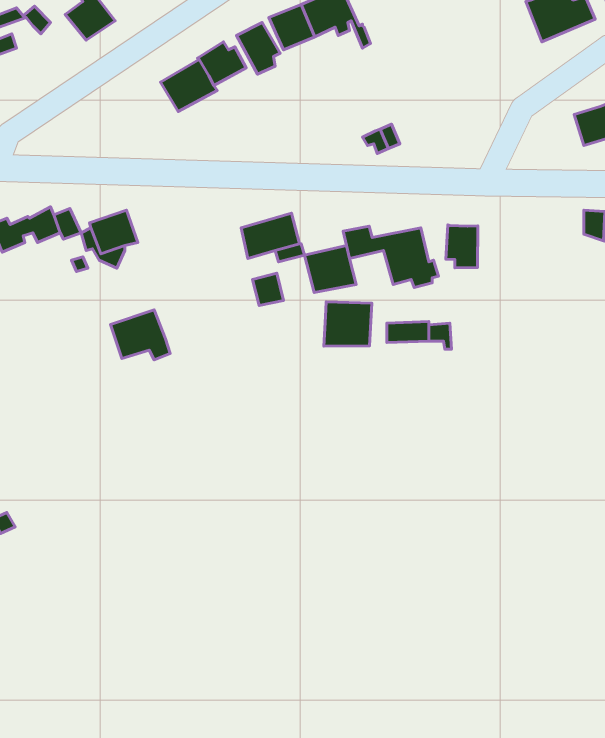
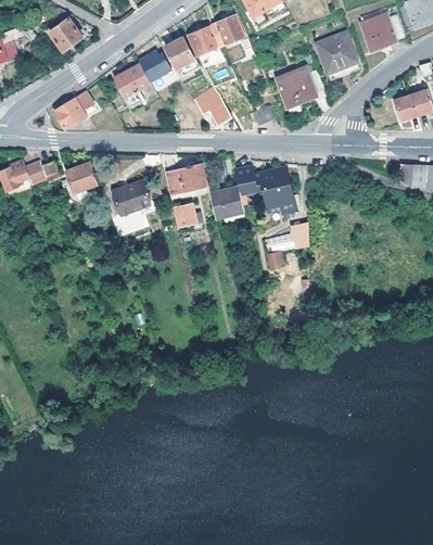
building: none -> [316,31,358,80]
building: none -> [277,66,324,115]
building: none -> [194,87,231,124]
building: none -> [54,91,92,128]
building: [446,225,478,268] -> none
building: [324,302,372,346] -> none
building: [110,310,170,360] -> [112,182,152,216]

